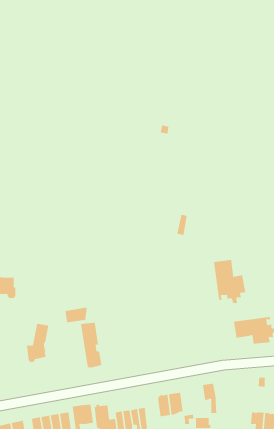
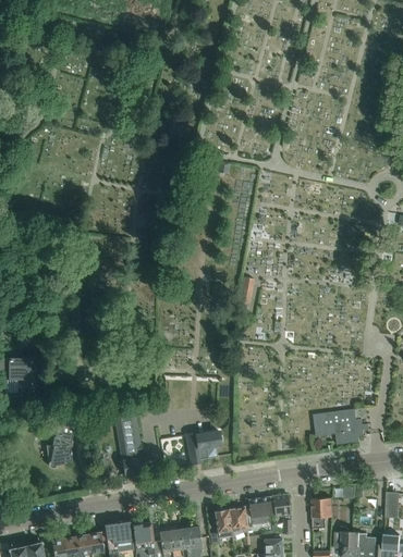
building: [213,259,246,304] -> none
building: [65,307,87,323] -> none
building: none -> [195,432,222,460]
building: none -> [247,497,271,525]
building: none -> [312,498,332,529]

